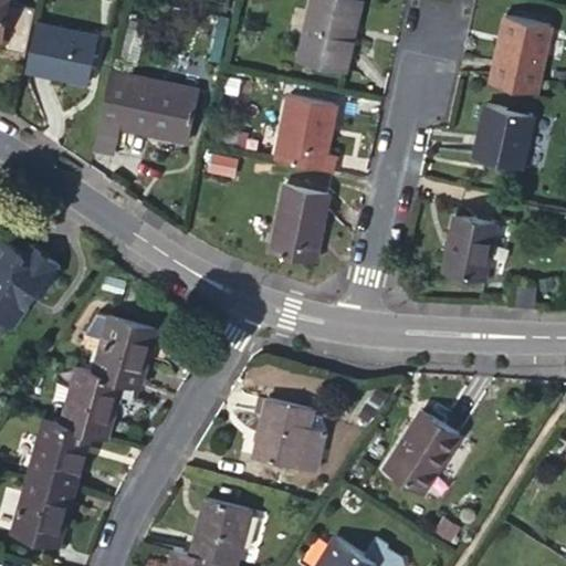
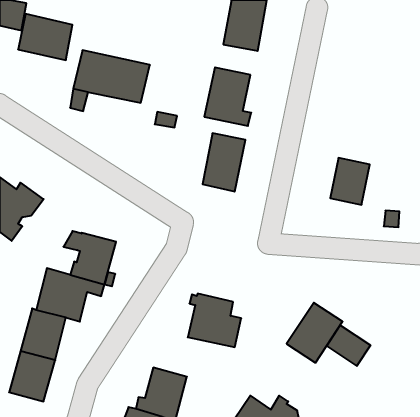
building: [491,15,551,94] -> none
building: [473,104,533,170] -> none
building: none -> [327,325,370,366]

